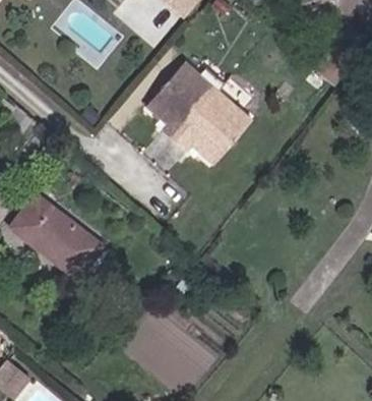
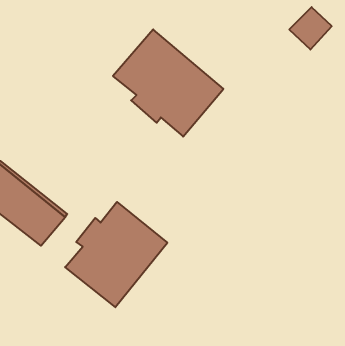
building: none -> [65,202,167,307]

